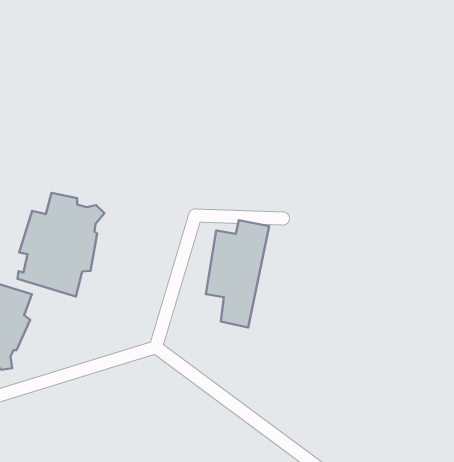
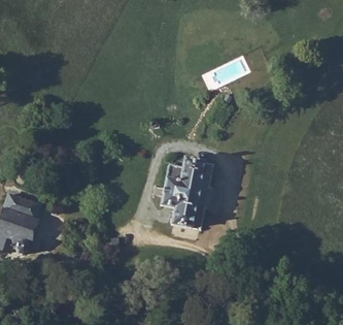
building: [17,193,104,297] -> none

